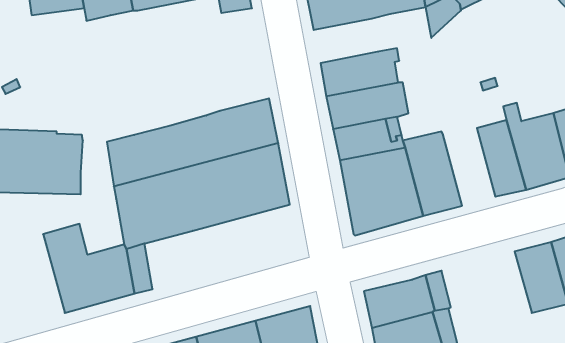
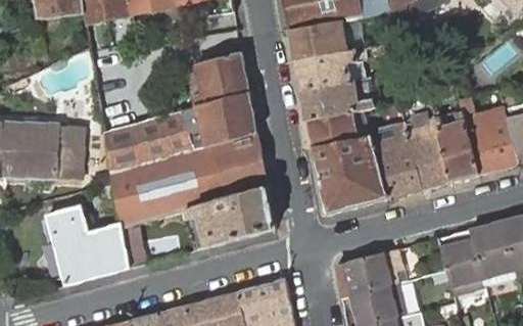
building: none -> [288,17,363,61]
building: none -> [189,53,248,108]
building: none -> [403,113,450,189]
building: none -> [180,188,275,249]
building: none -> [436,230,483,294]

